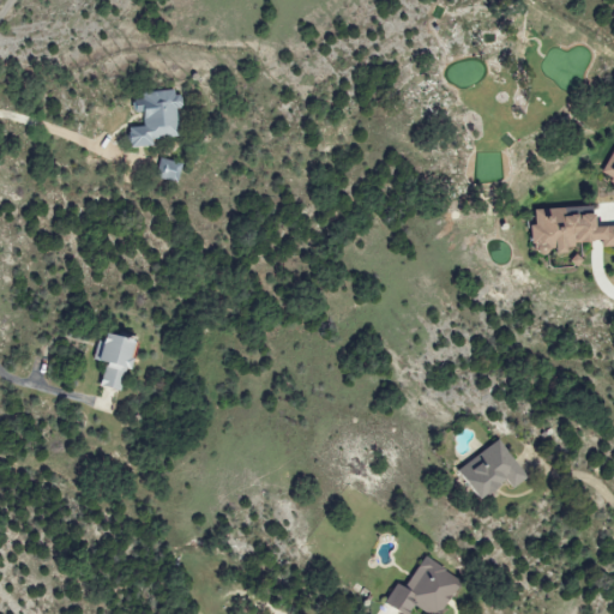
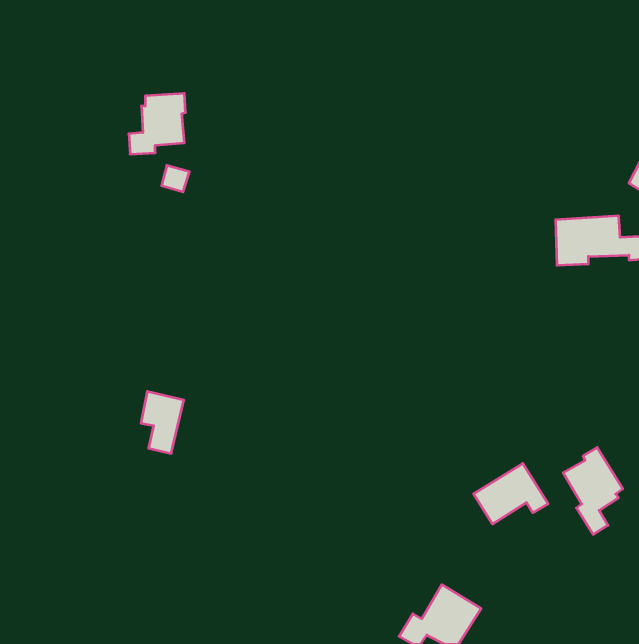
building: [96,332,137,391] -> [141,391,184,453]
building: none -> [563,447,623,534]

